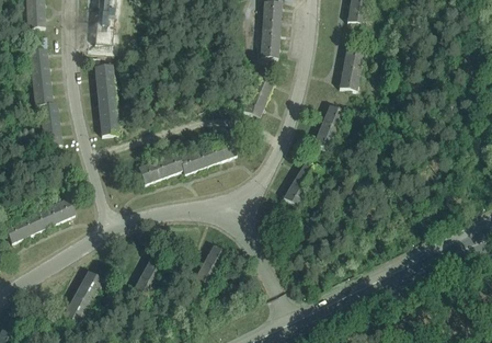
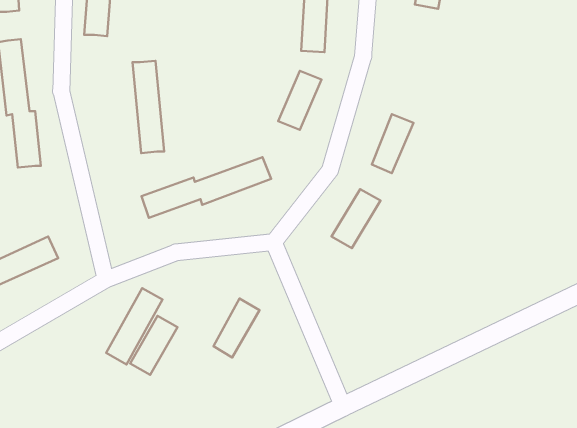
building: [339,45,364,90] -> none
building: [94,64,118,134] -> [133,61,164,153]
building: [60,270,103,328] -> [106,288,162,364]

